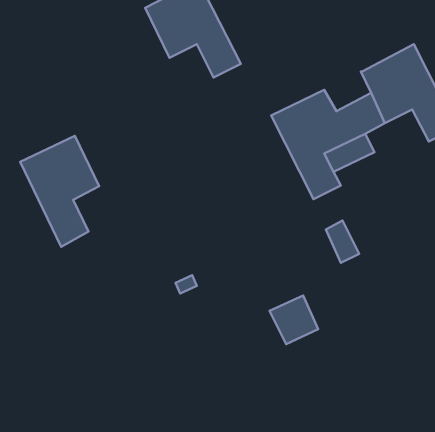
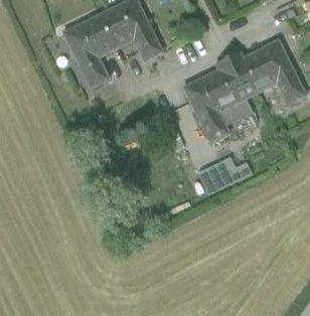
building: none -> [215,51,250,84]
building: [20,136,99,247] -> [63,15,116,89]
building: [270,296,318,344] -> [197,162,229,194]

